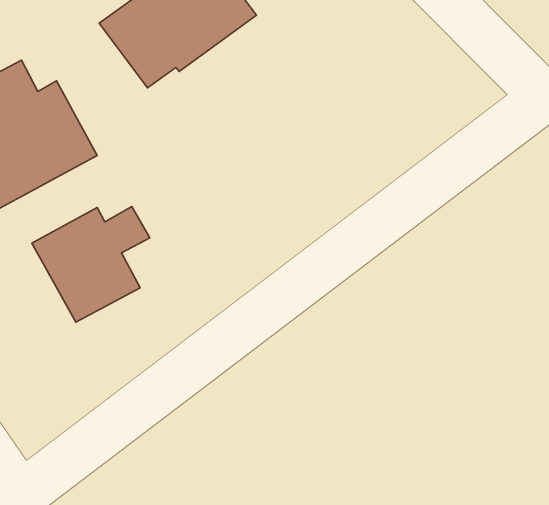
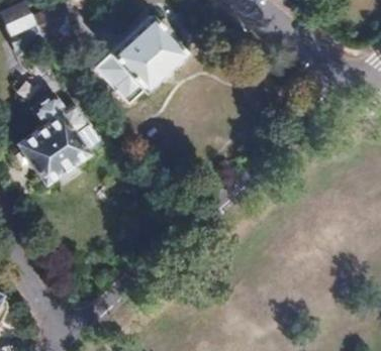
building: [32,206,150,322] -> none

